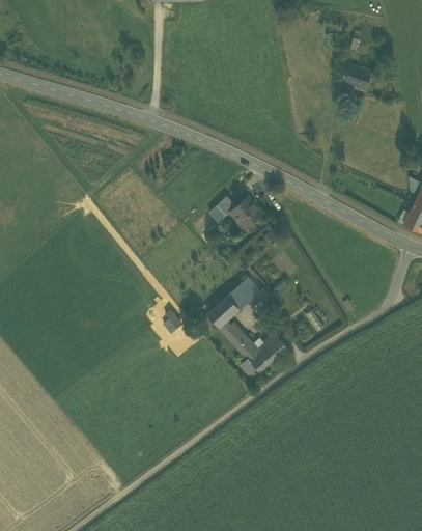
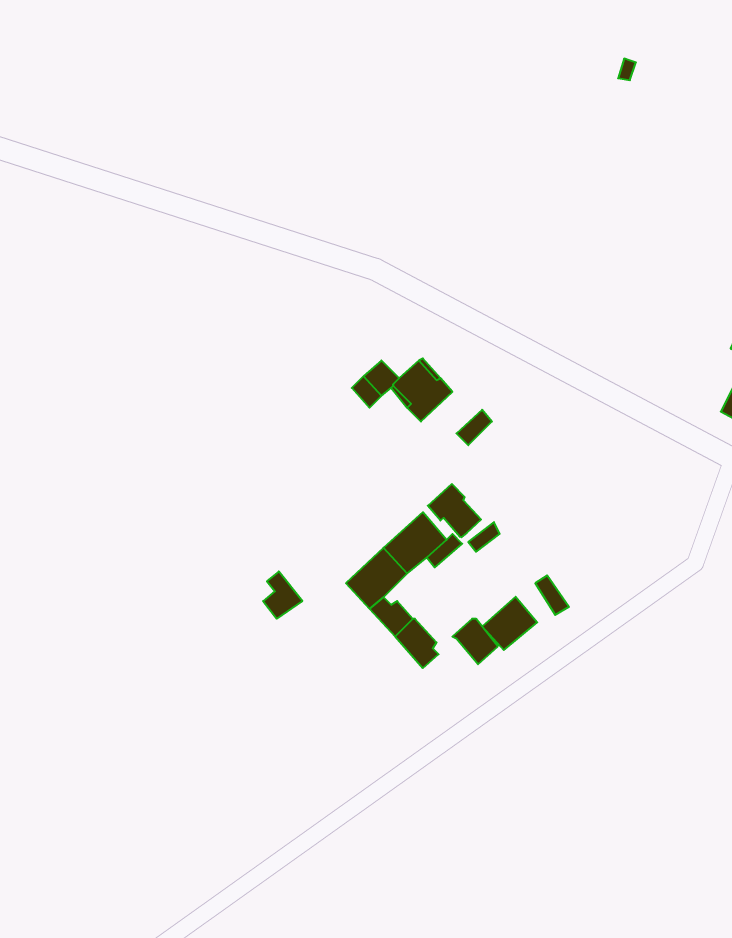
building: [332,60,370,91] -> none
building: none -> [428,484,481,537]
building: [247,343,276,371] -> [482,597,537,650]

